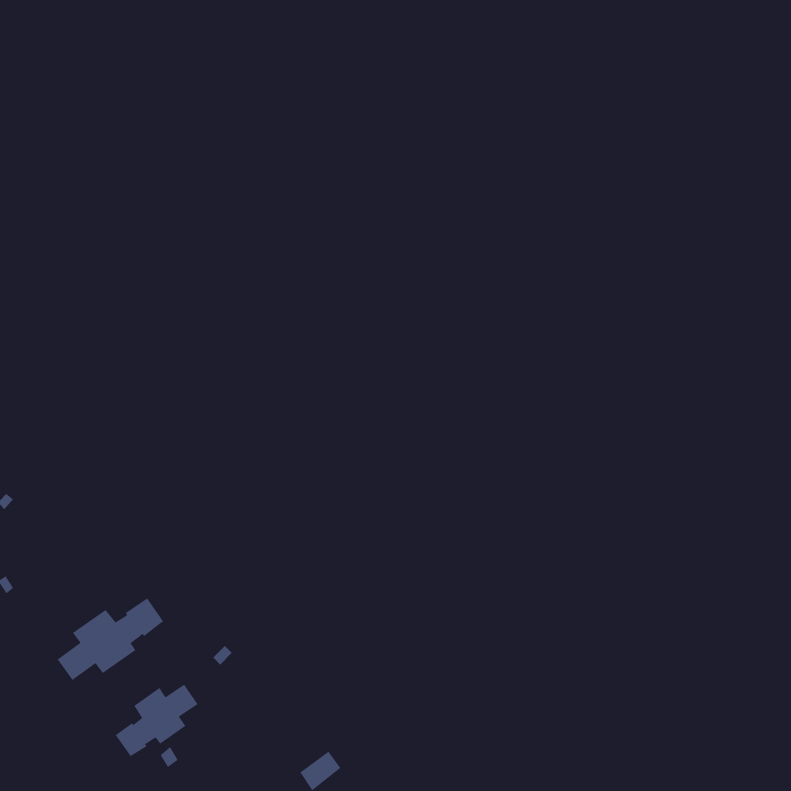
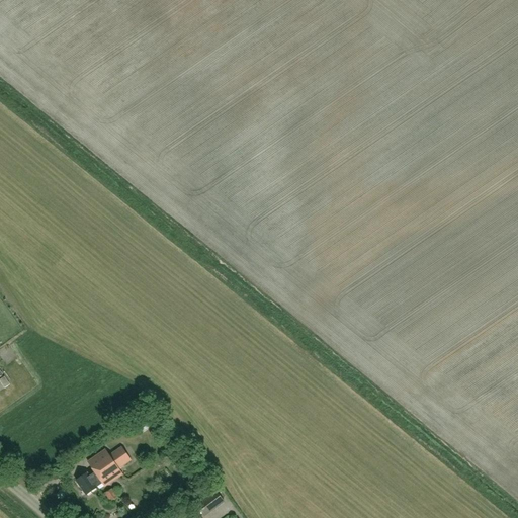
building: [57,598,164,681] -> none

